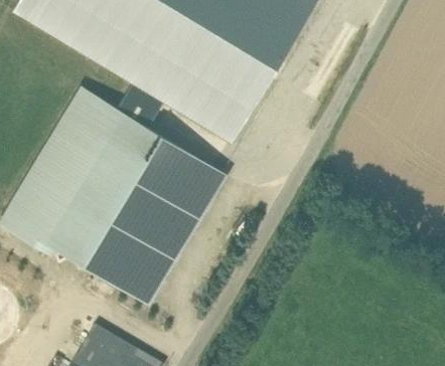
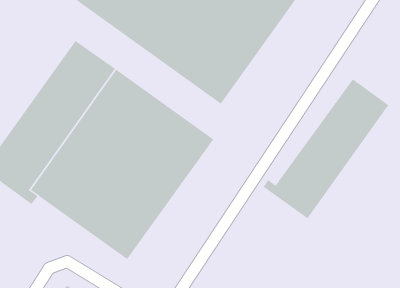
building: none -> [263,79,389,219]

